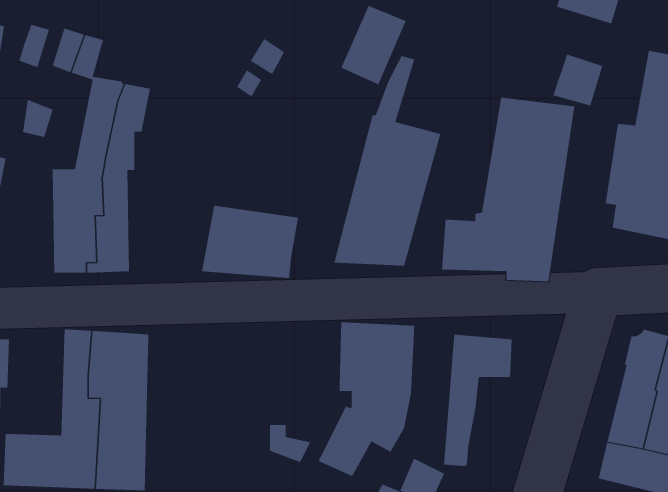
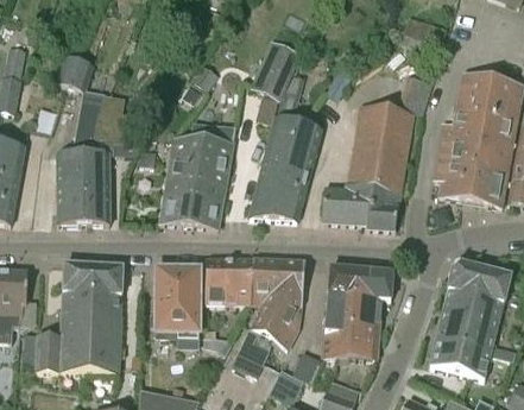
building: none -> [166,122,235,187]
building: none -> [156,258,200,339]
building: none -> [206,258,253,305]
building: none -> [339,270,393,358]

